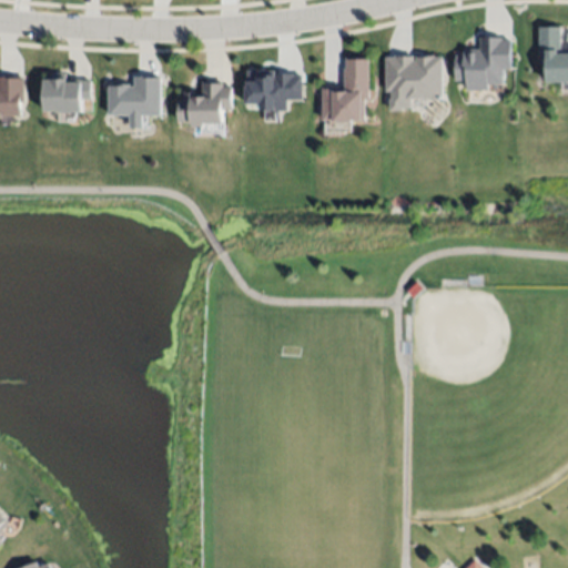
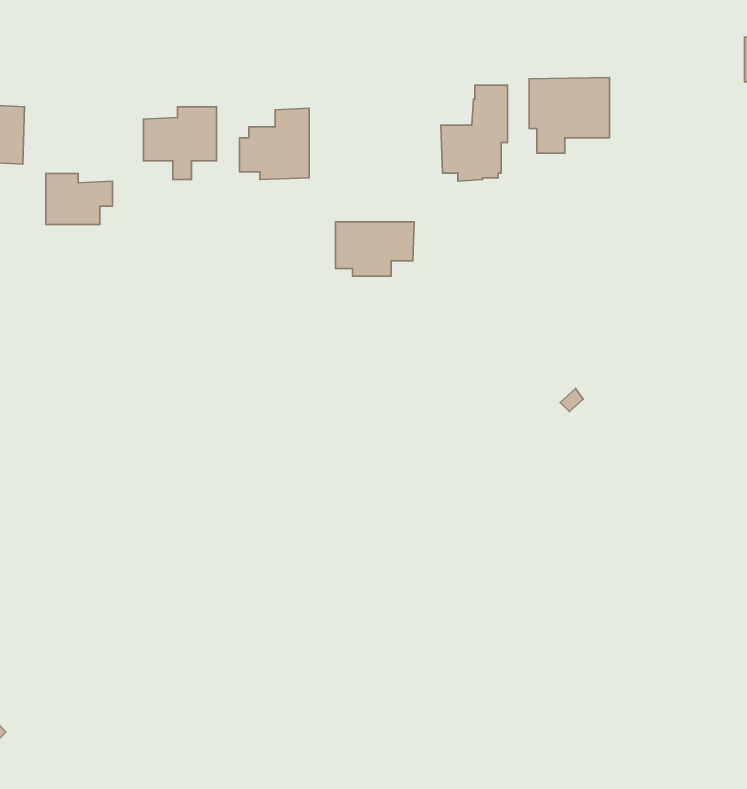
building: [454,38,510,90] -> none
building: [245,72,302,111] -> [335,222,414,276]
building: [42,75,90,112] -> [46,174,112,225]

